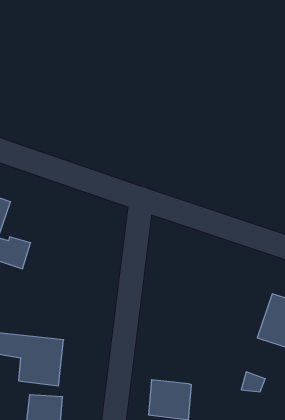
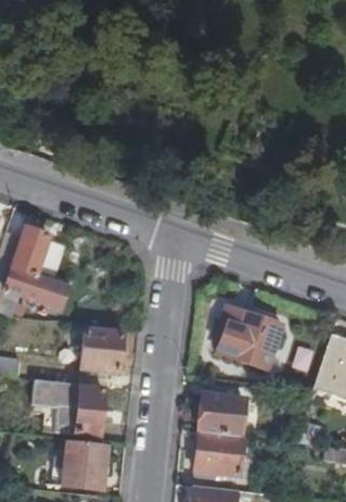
building: none -> [218,309,281,367]
building: none -> [81,329,120,369]
building: none -> [200,394,243,435]

